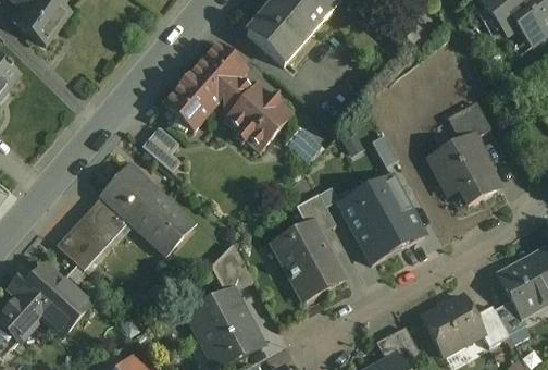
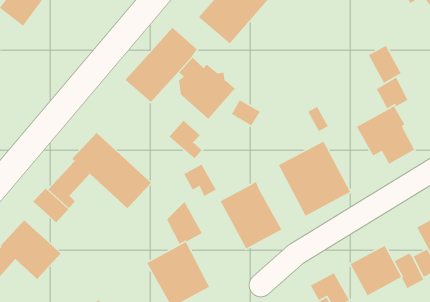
building: none -> [368,45,402,84]
building: [141,125,180,171] -> [169,120,202,159]
building: [296,194,335,233] -> [183,163,217,197]

